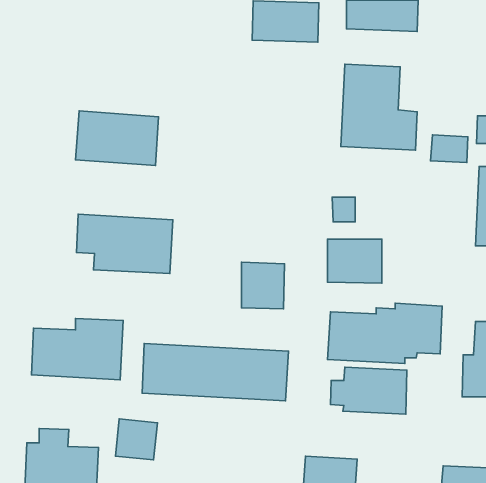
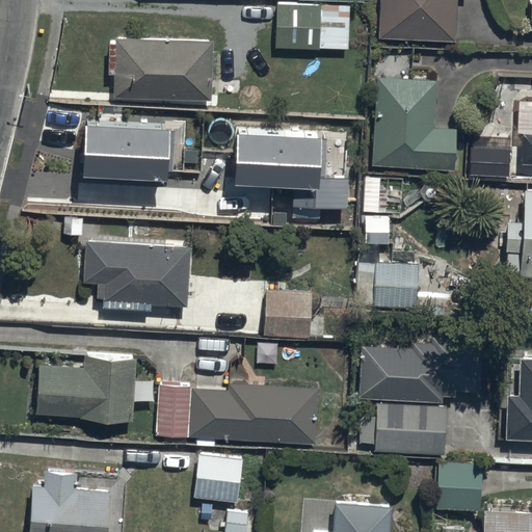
building: none -> [114,35,213,98]
building: none -> [237,136,351,214]
building: [115,419,157,460] -> [195,458,241,503]
building: none -> [437,463,482,513]

